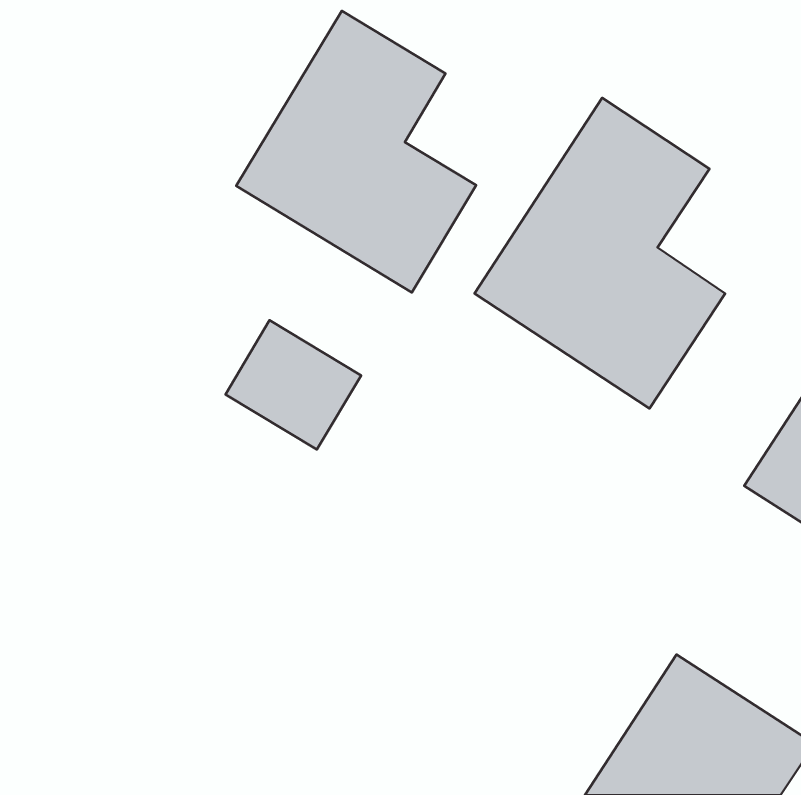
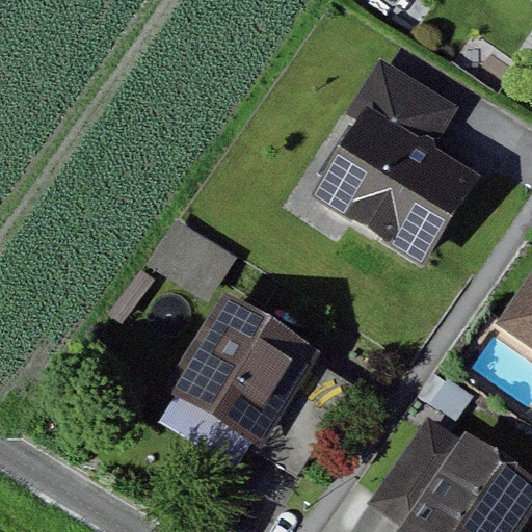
building: [236,11,476,293] -> none
building: none -> [154,297,307,449]

